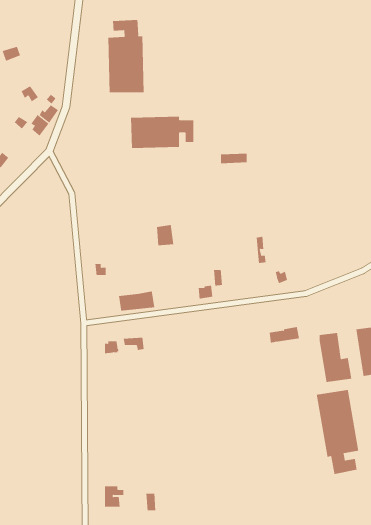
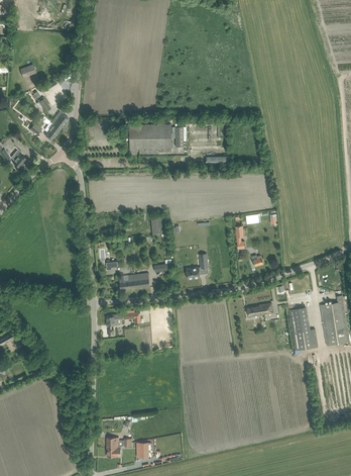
building: [108,19,144,93] -> none
building: [316,389,359,475] -> none

